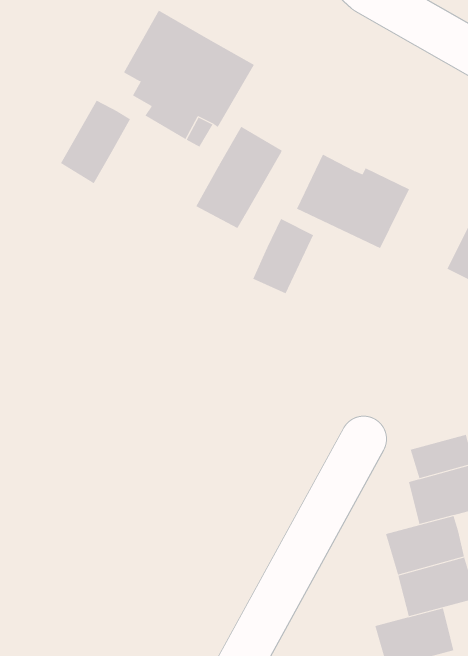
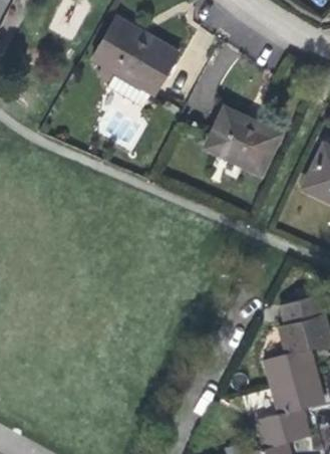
building: [60,100,131,184] -> none
building: [196,126,282,229] -> none
building: [252,218,314,294] -> none

